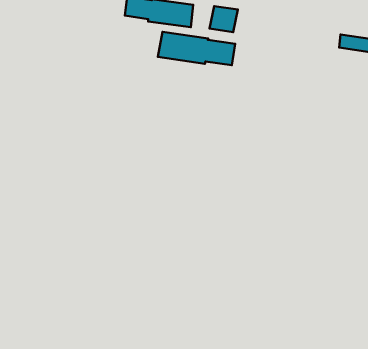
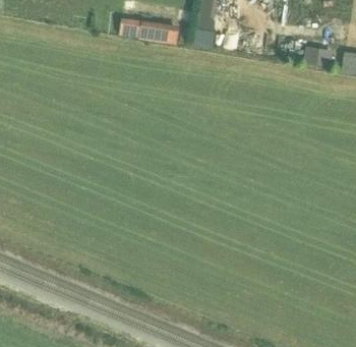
building: [158,32,235,65] -> none

